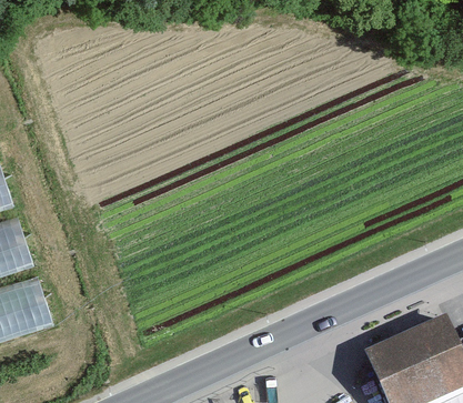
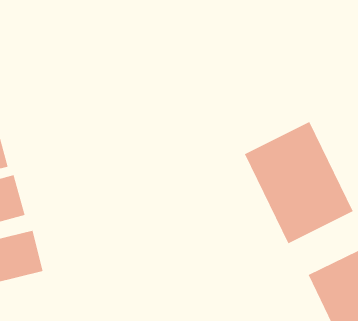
building: none -> [244,121,354,244]

